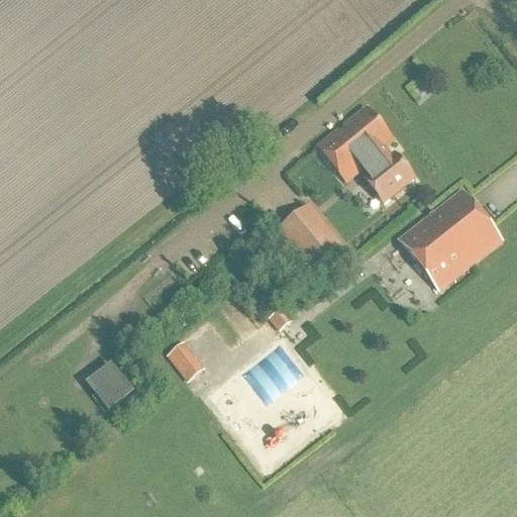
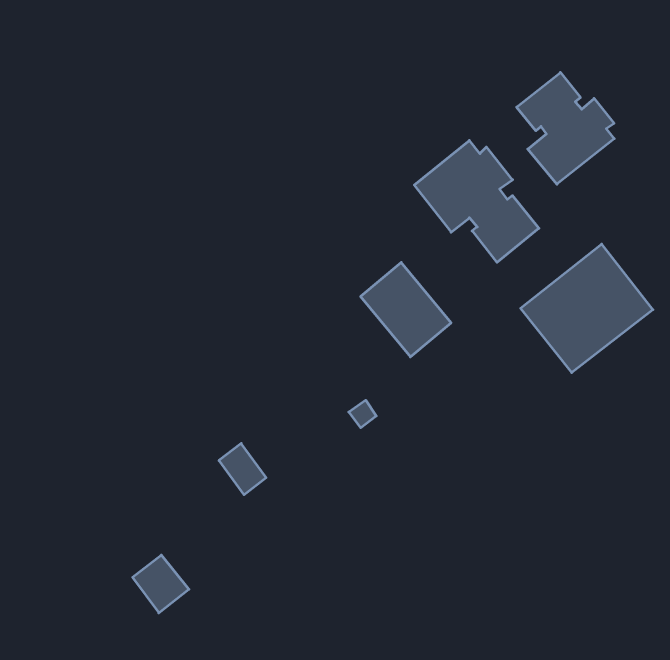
building: none -> [517,72,614,184]
building: [89,365,132,409] -> [133,555,189,613]

